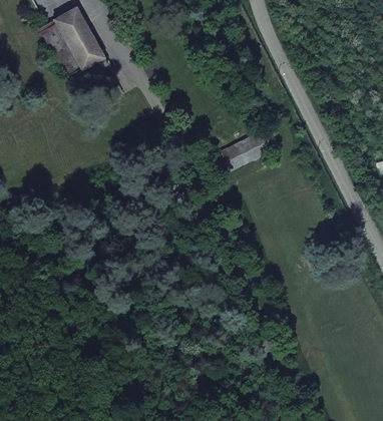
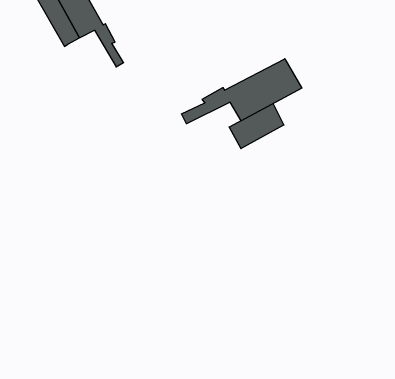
building: none -> [181,59,302,124]

